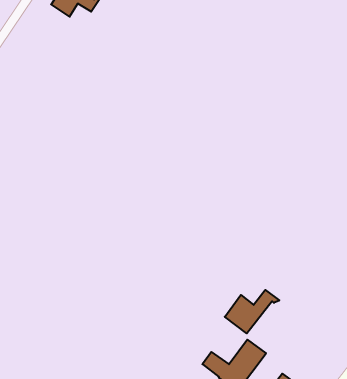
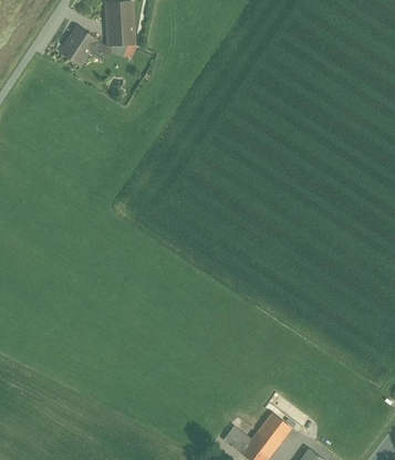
building: [225,290,279,333] -> none

